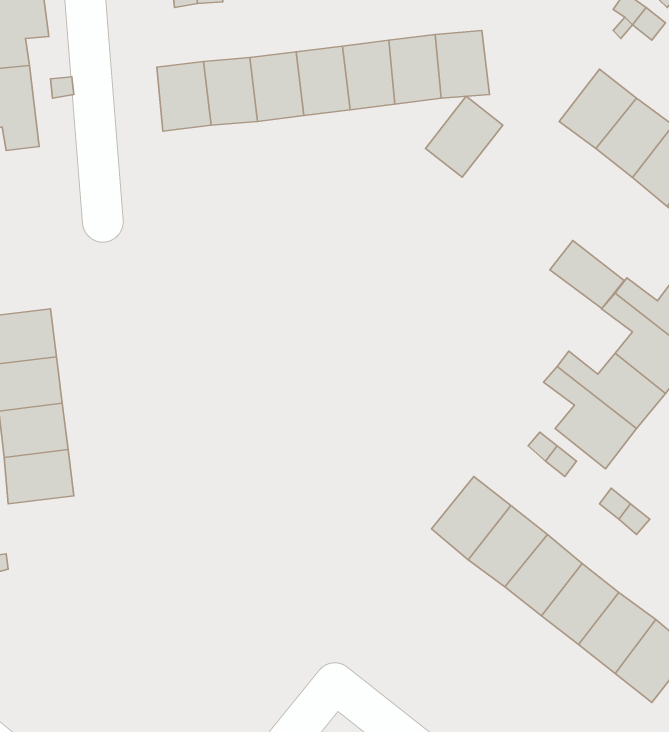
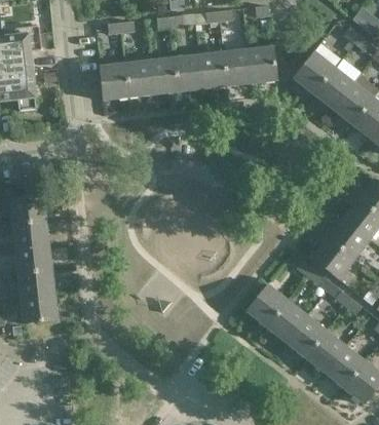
building: [426,96,503,177] -> [294,52,335,95]
building: [550,241,624,308] -> none
building: none -> [21,295,58,323]

